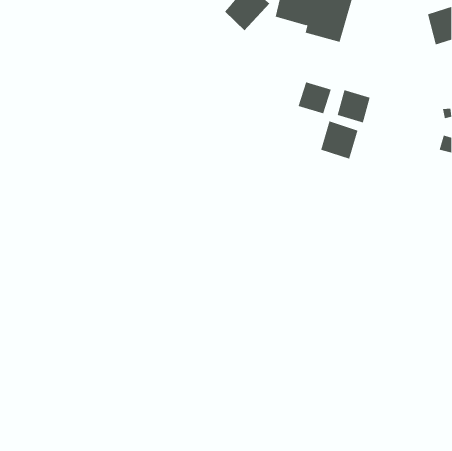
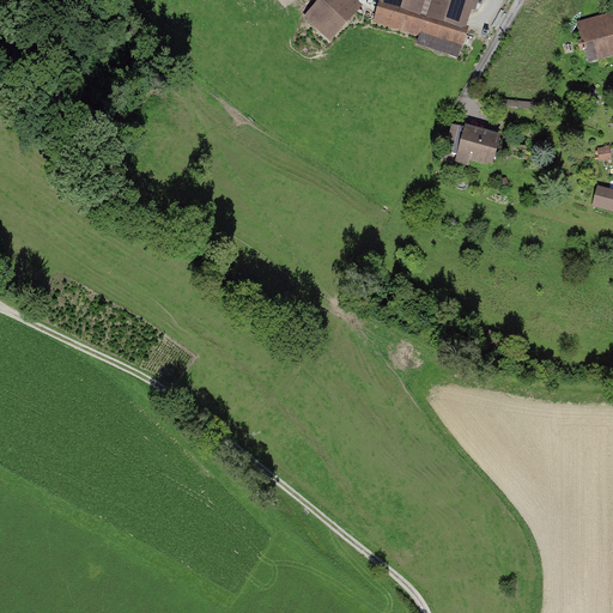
building: [298,81,331,114] -> none
building: [321,121,358,159] -> none

